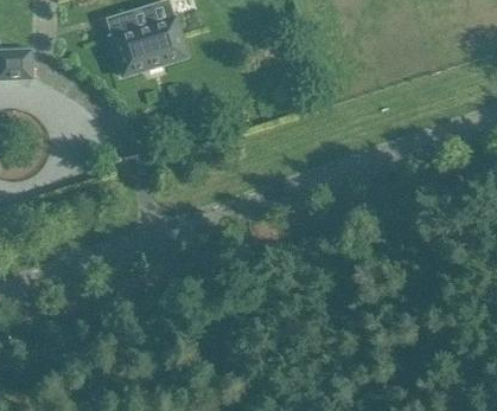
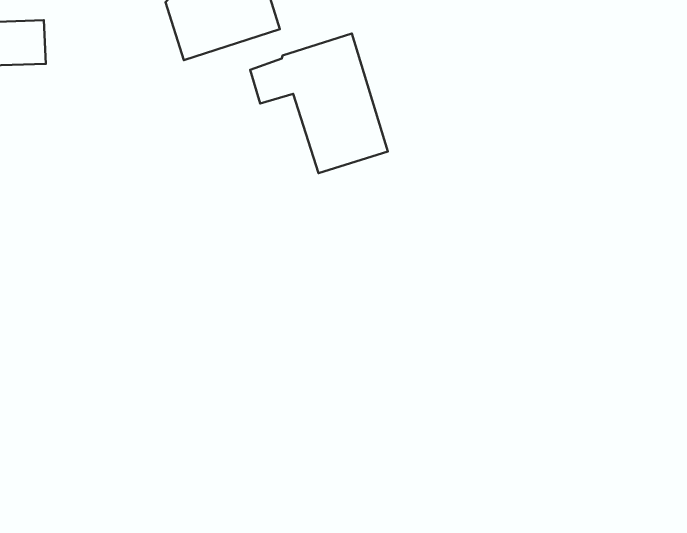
building: none -> [250,34,388,173]

